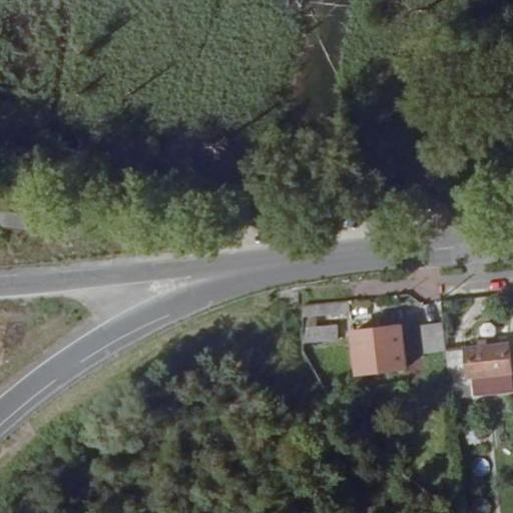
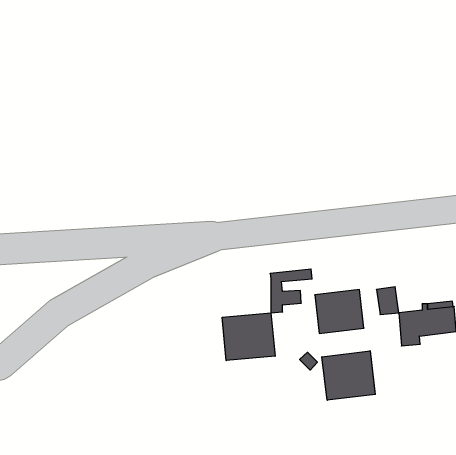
building: none -> [222,313,275,361]
building: none -> [322,351,375,400]

